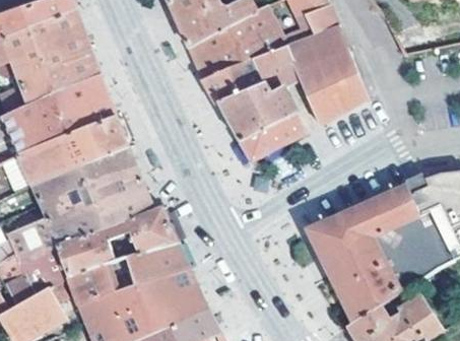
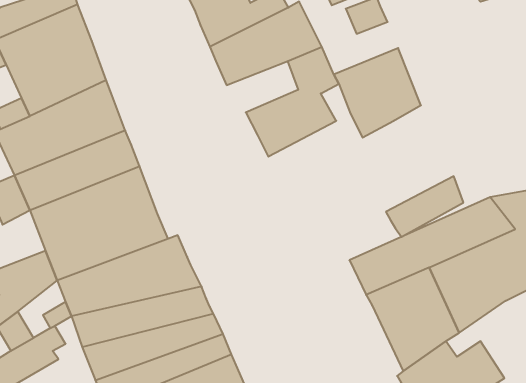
building: [283,24,348,69] -> none
building: [202,58,263,103] -> none
building: [238,109,304,160] -> [386,176,463,237]

